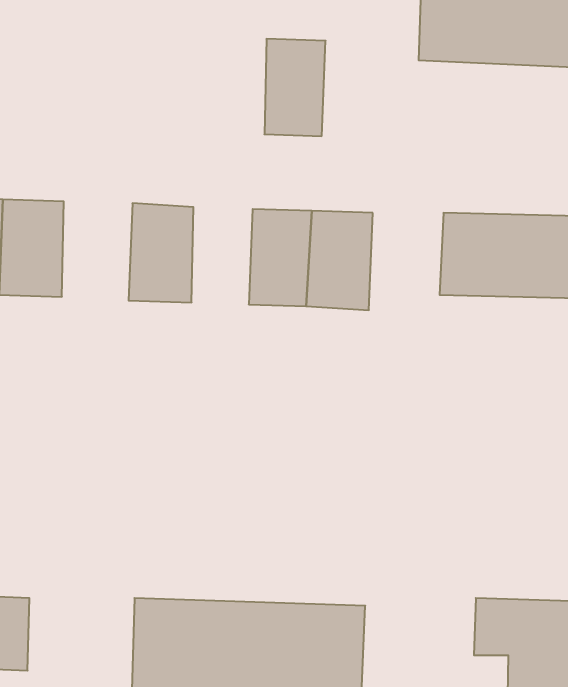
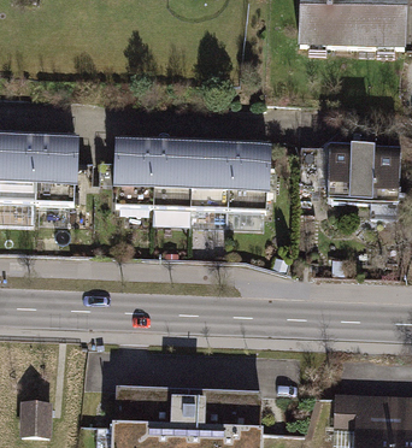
building: [264,39,326,136] -> [155,140,194,201]

